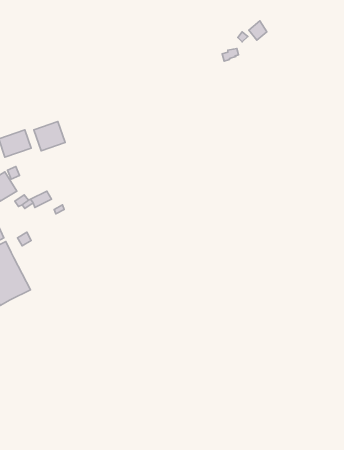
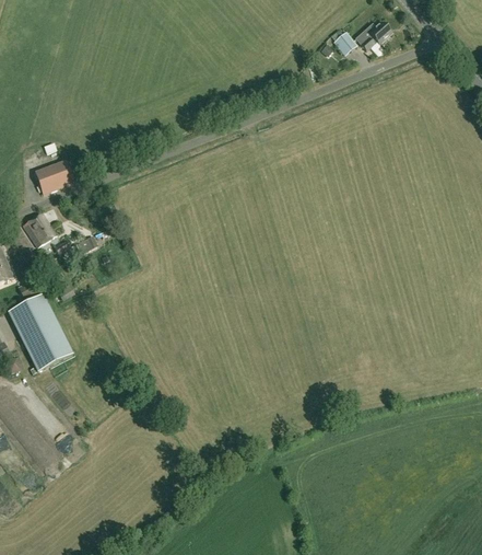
building: none -> [354,21,390,49]
building: [34,121,65,151] -> none

